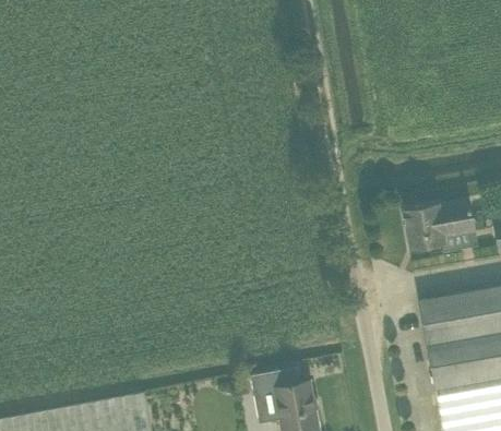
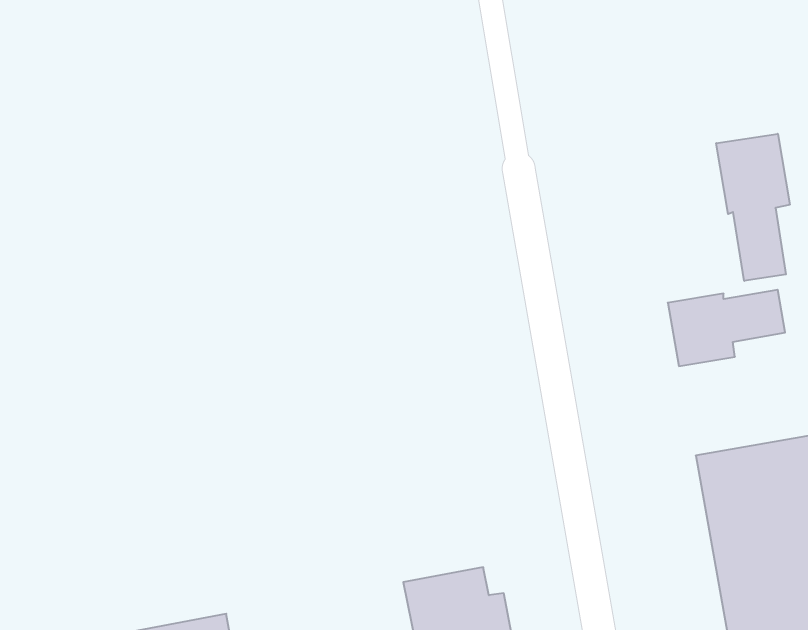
building: none -> [716,134,790,281]

